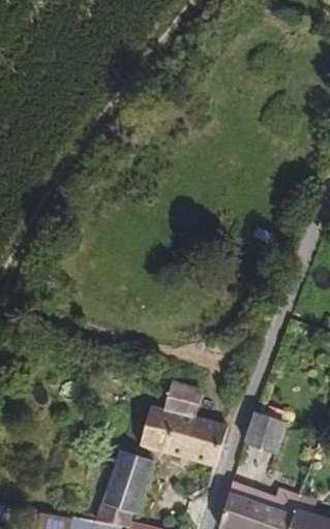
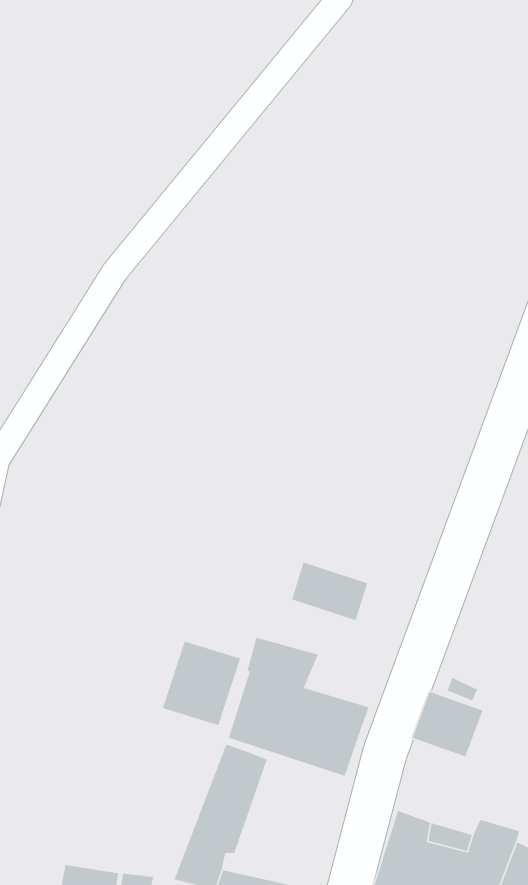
building: none -> [291,561,368,621]
building: none -> [162,640,241,726]

